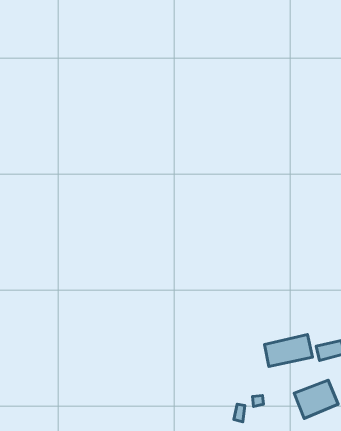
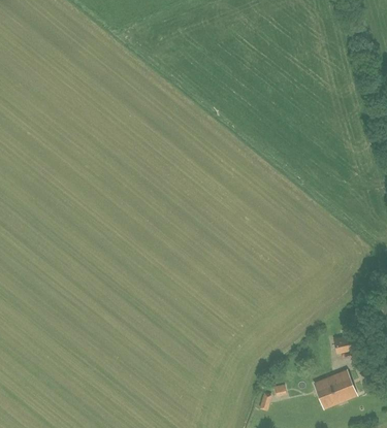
building: [264,335,313,366] -> none

